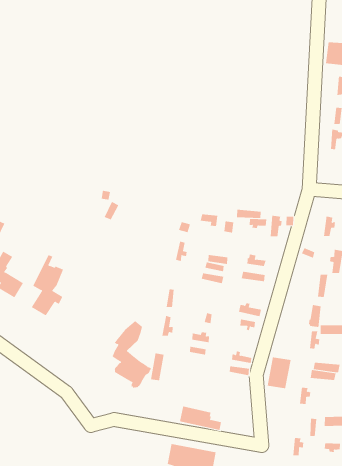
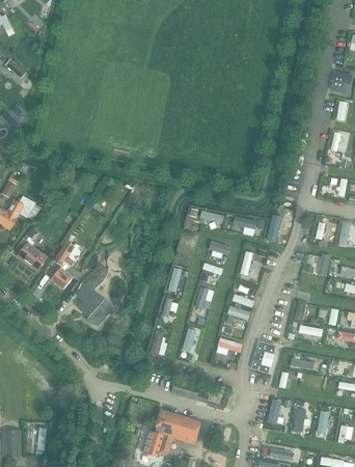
building: [112,321,152,388] -> [77,264,111,323]

